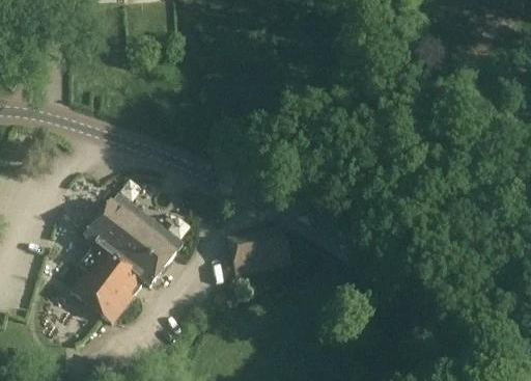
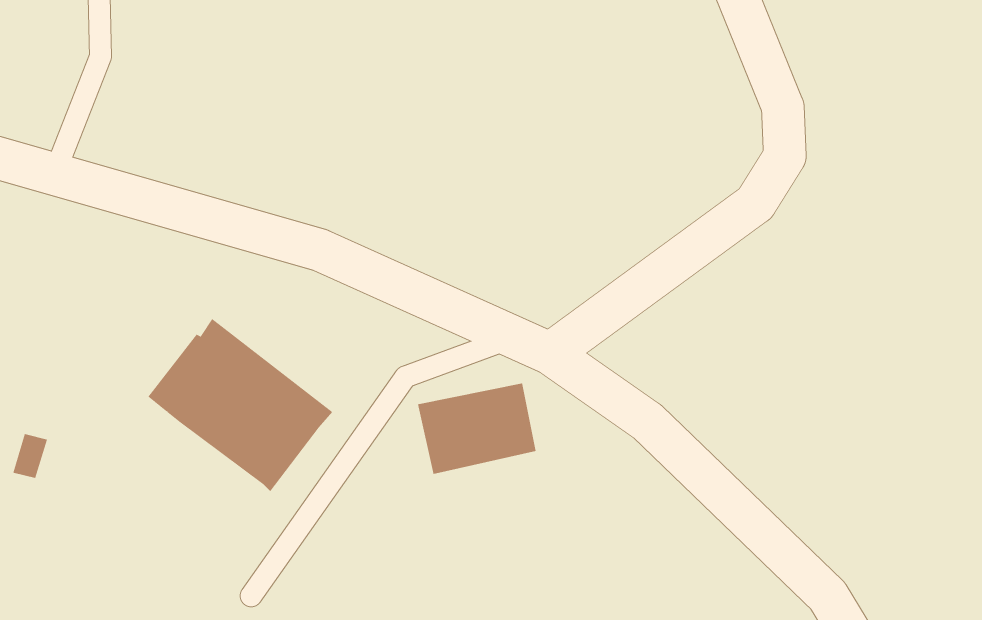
building: [68,242,145,323] -> none

